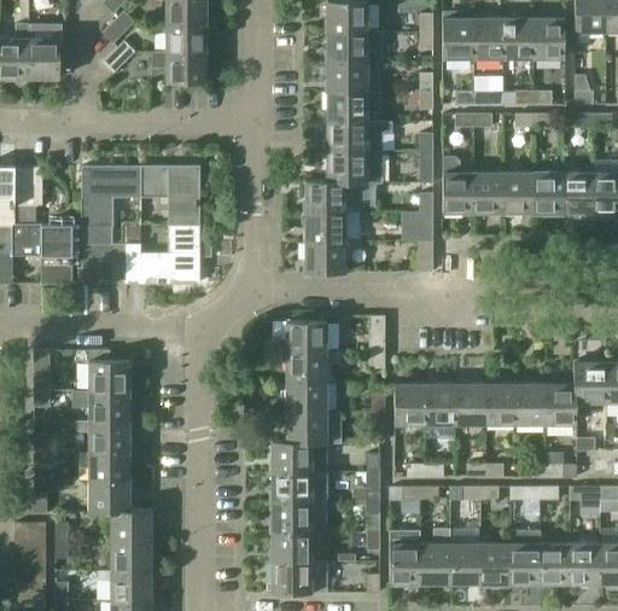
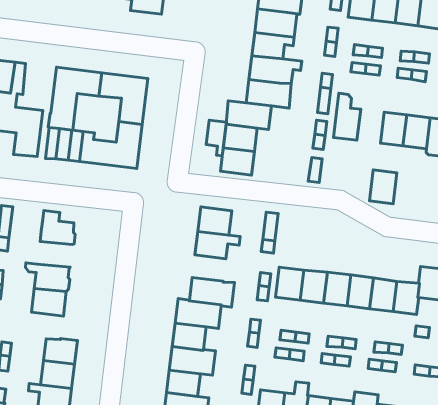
building: [473,173,503,213] -> [370,170,397,204]
building: none -> [206,120,226,156]
building: [286,383,326,412] -> none
building: [72,389,132,419] -> none
building: [88,481,129,512] -> none

